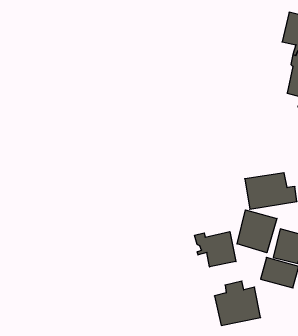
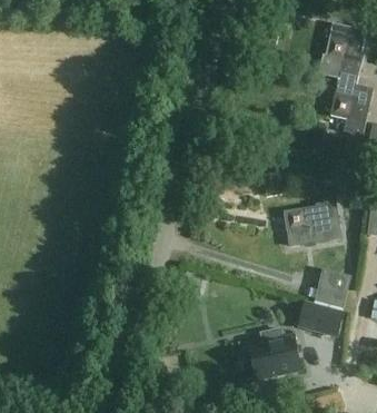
building: [237,210,277,253] -> none
building: [195,232,236,267] -> none

